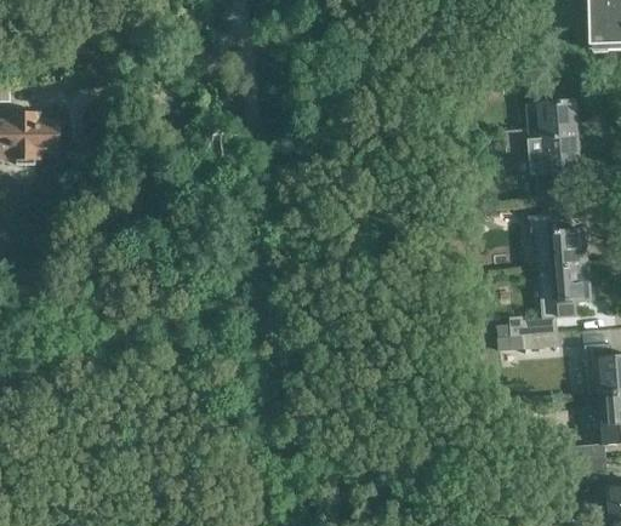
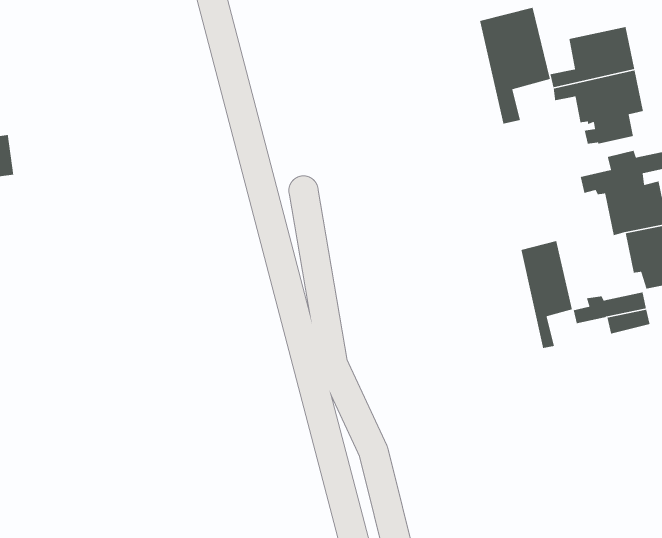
building: none -> [479,7,551,124]
building: none -> [520,240,573,349]

